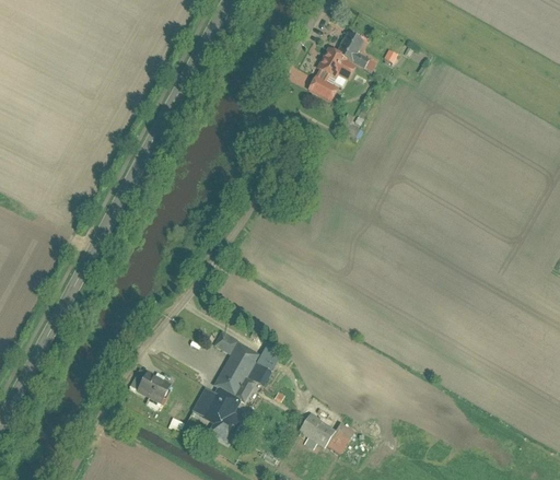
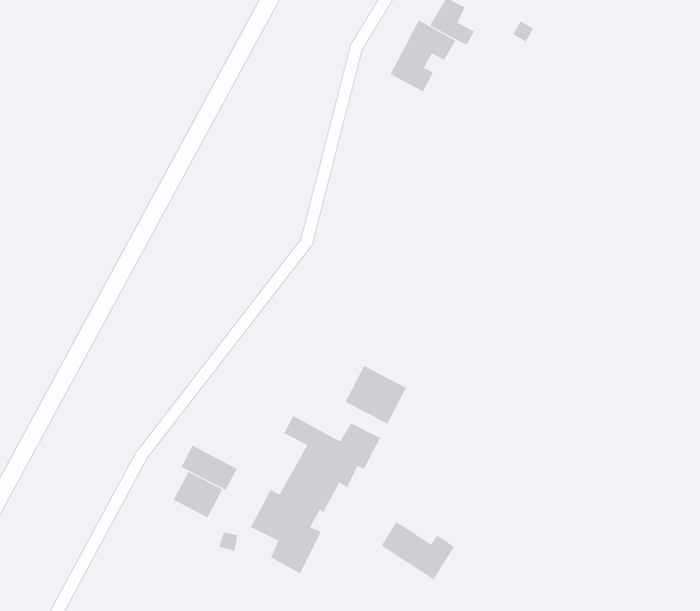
building: none -> [345,365,407,425]
building: none -> [181,445,237,491]

